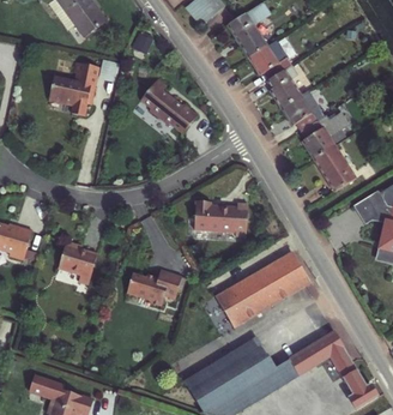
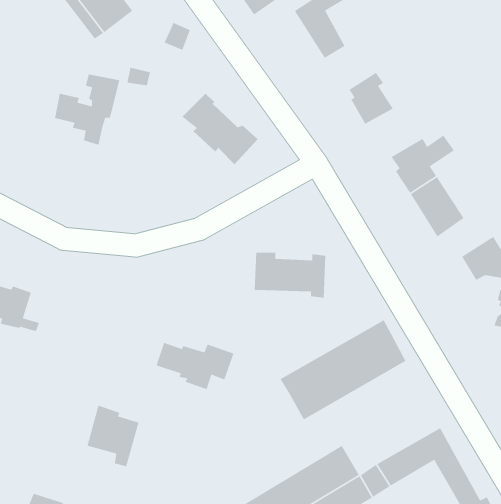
building: [250,40,289,78] -> none
building: [280,89,324,128] -> none
building: [58,240,97,287] -> [87,404,140,467]

